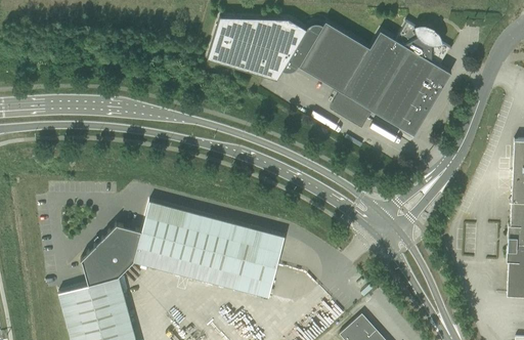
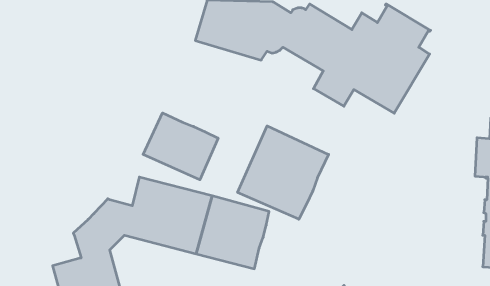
building: none -> [143,113,218,180]
building: none -> [238,126,329,219]

